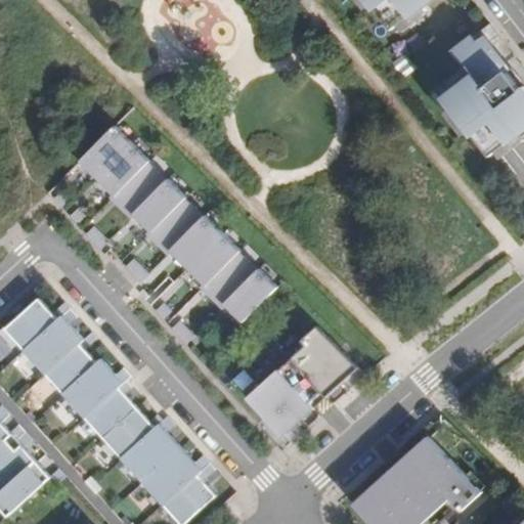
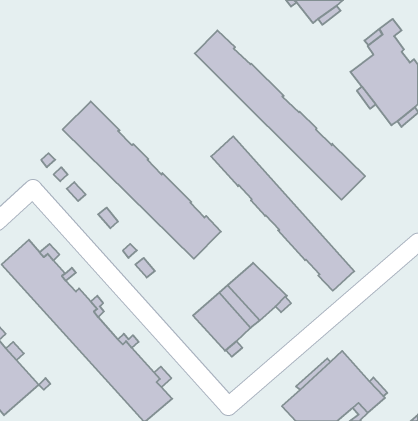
building: none -> [195,30,365,200]
building: none -> [211,136,354,291]

